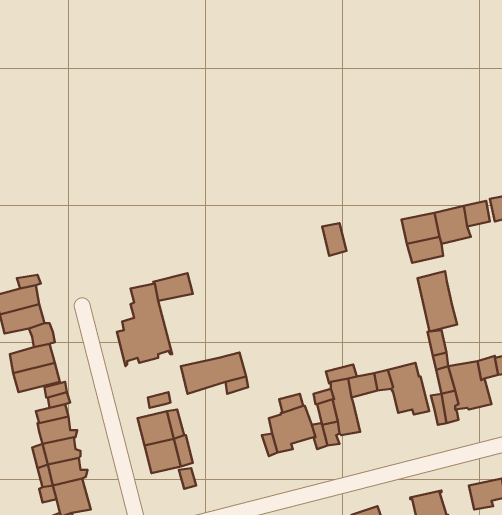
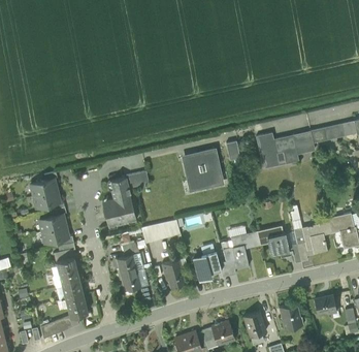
building: none -> [184,150,222,189]
building: [418,271,457,332] -> [256,133,280,169]
building: none -> [161,259,186,287]

